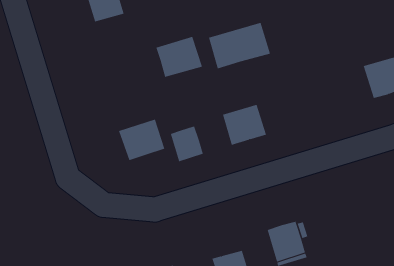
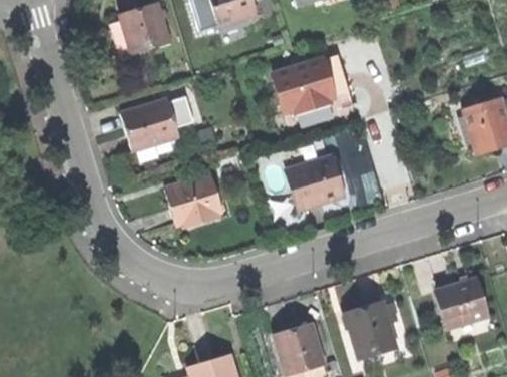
building: [156,36,203,78] -> [120,98,178,149]
building: [170,126,204,162] -> none
building: none -> [431,277,486,327]

